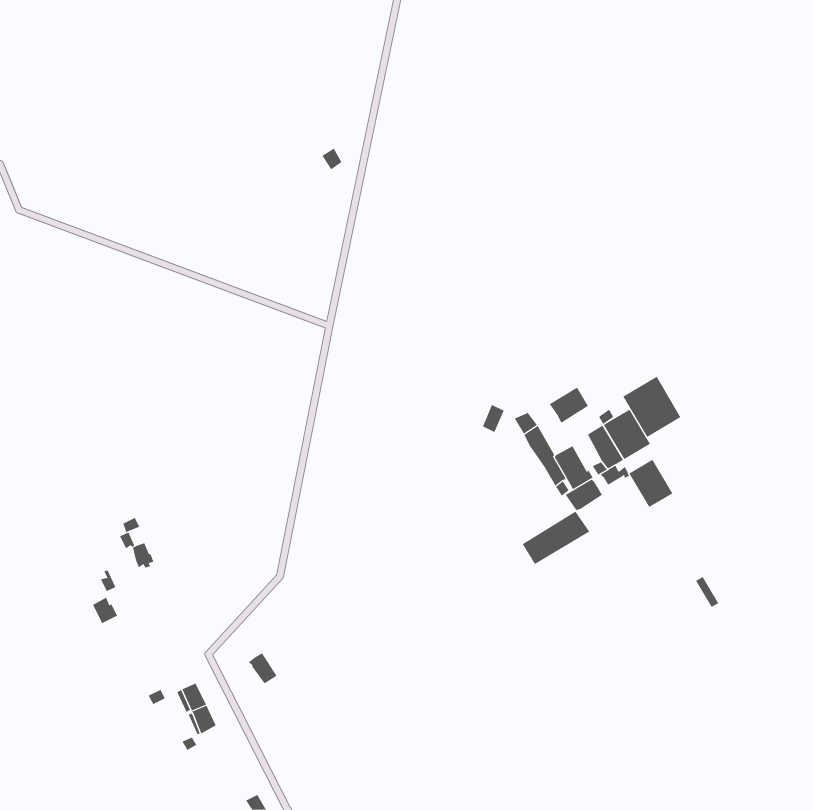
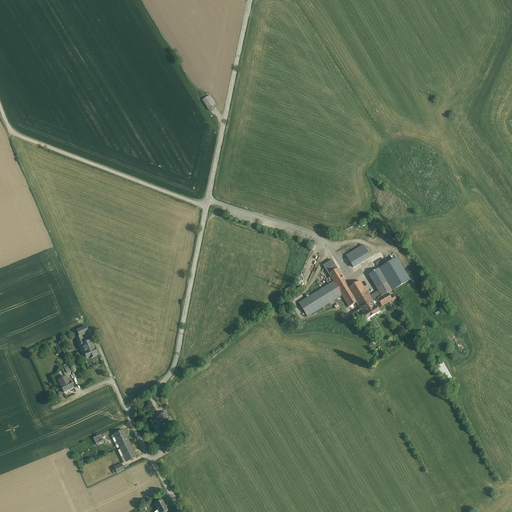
building: [622,376,681,438] -> none
building: [629,459,673,508] -> none
building: [522,511,590,565] -> [299,281,342,315]

